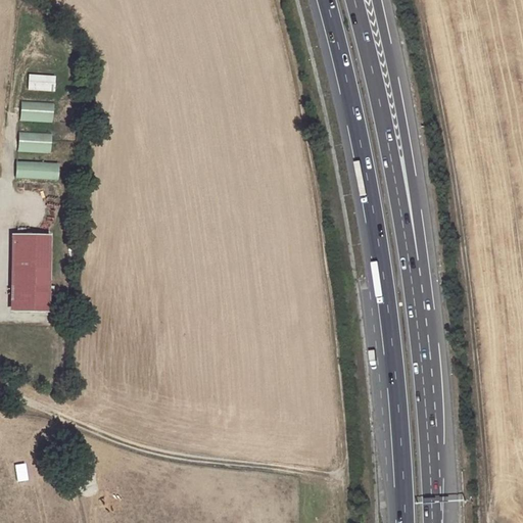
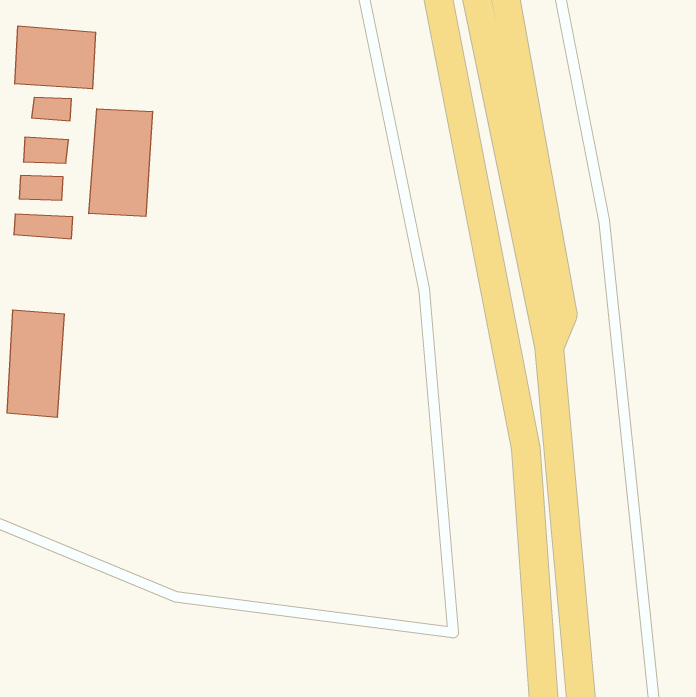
building: none -> [15,26,96,89]
building: none -> [89,109,153,216]

